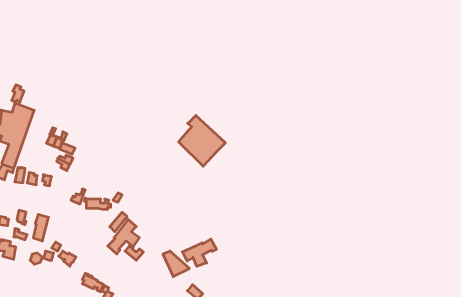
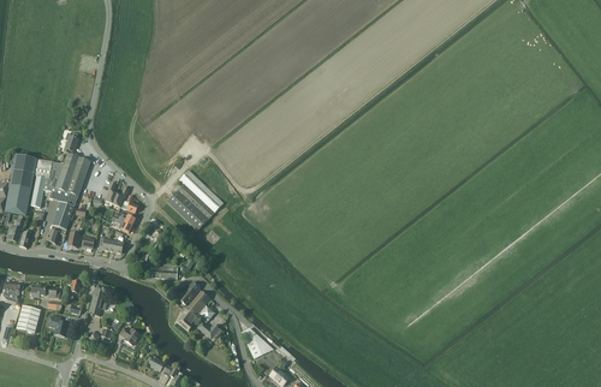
building: [179,115,225,166] -> [168,169,224,230]
building: [182,239,216,266] -> none

